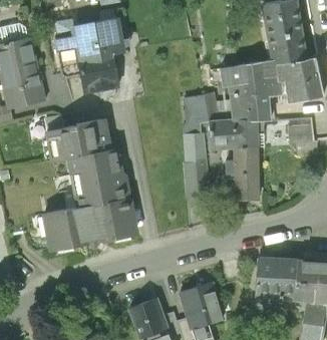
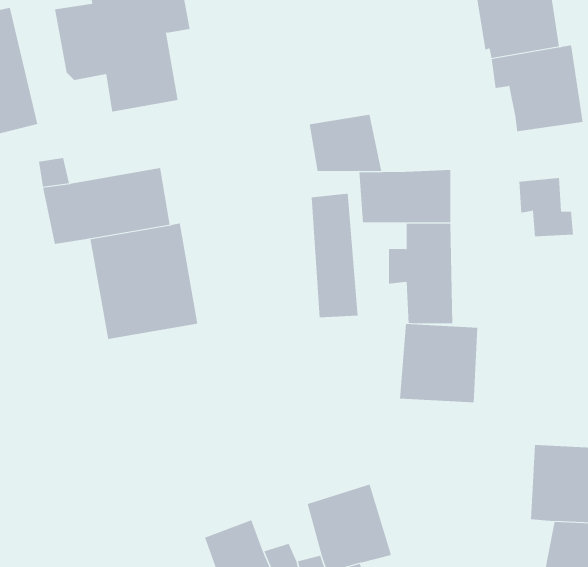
building: [220,59,288,121] -> none
building: [48,198,138,249] -> none
building: [258,258,298,298] -> [399,324,478,403]

